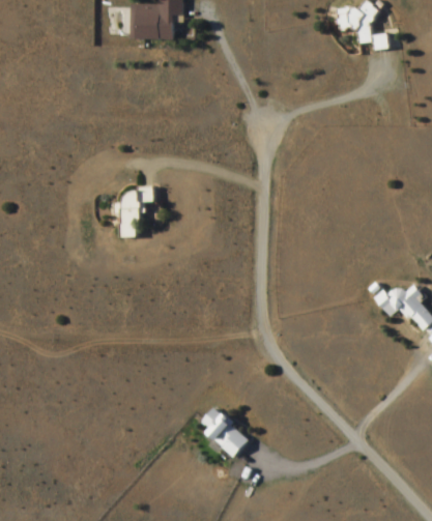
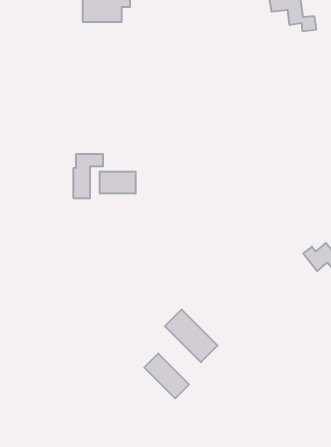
building: none -> [100,172,136,194]
building: none -> [165,309,218,362]

